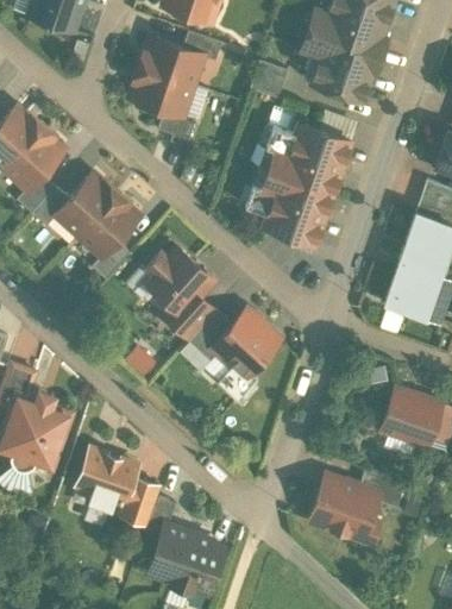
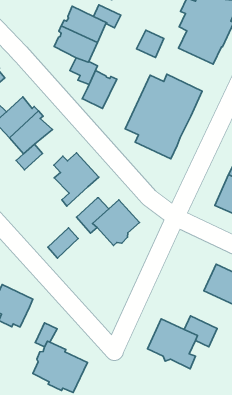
building: none -> [82,70,117,108]
building: [172,295,215,340] -> [48,228,78,258]
building: [119,477,161,525] -> none

